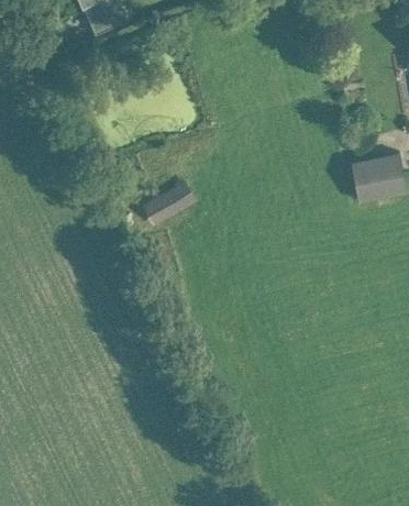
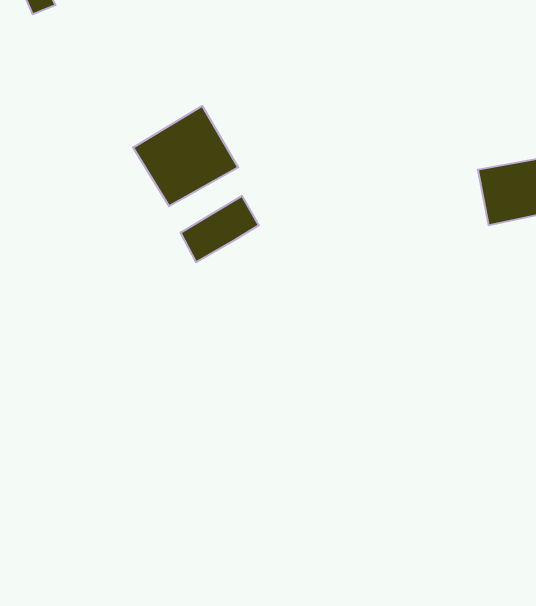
building: none -> [133,106,238,206]

